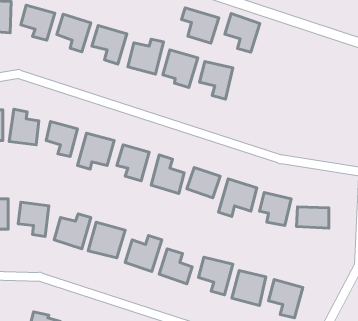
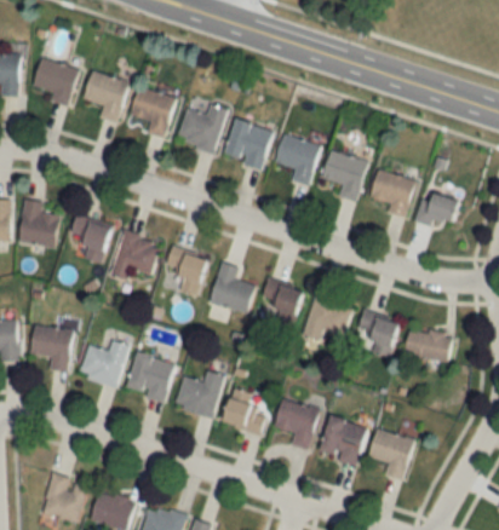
building: [181,8,219,43] -> none
building: [225,14,260,52] -> [321,148,368,200]
building: none -> [368,168,415,217]
building: none -> [412,189,457,229]

